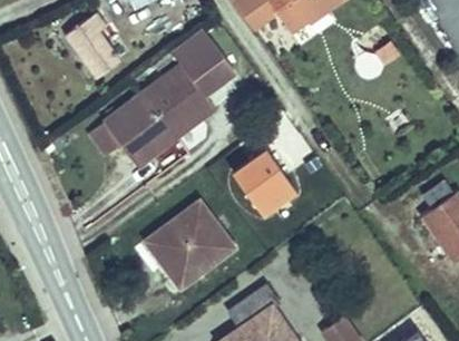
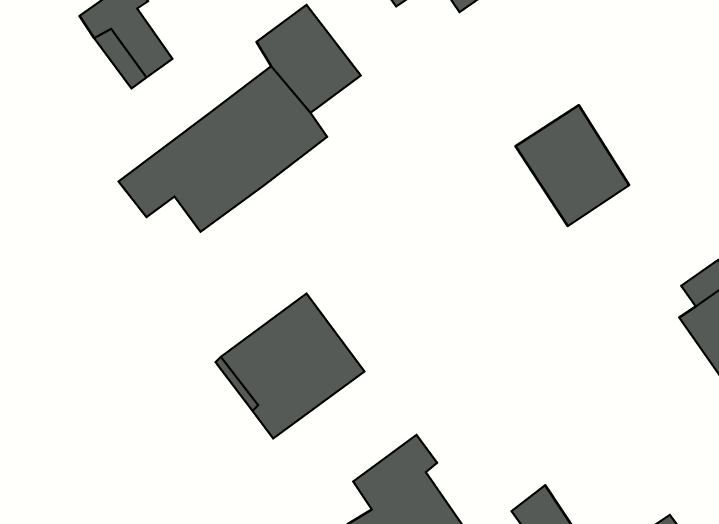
building: [227,142,295,214] -> [516,105,629,226]

